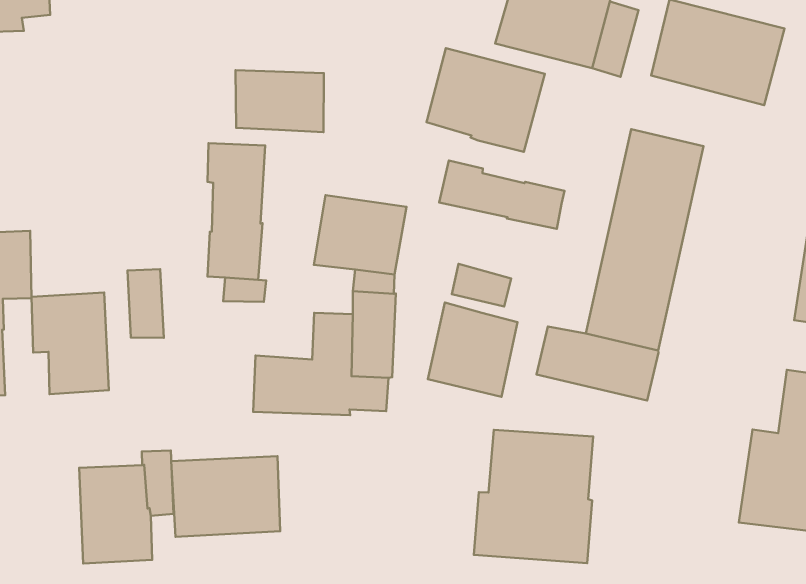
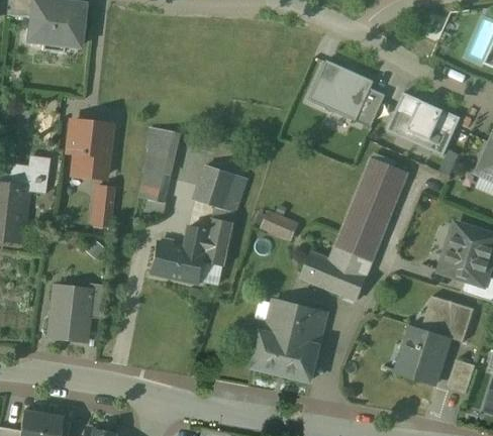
building: [426,48,545,152] -> none
building: [236,70,324,132] -> none
building: [439,160,564,229] -> none
building: [32,293,109,394] -> [67,121,109,177]
building: [428,303,517,397] -> none
building: [171,456,280,537] -> none

